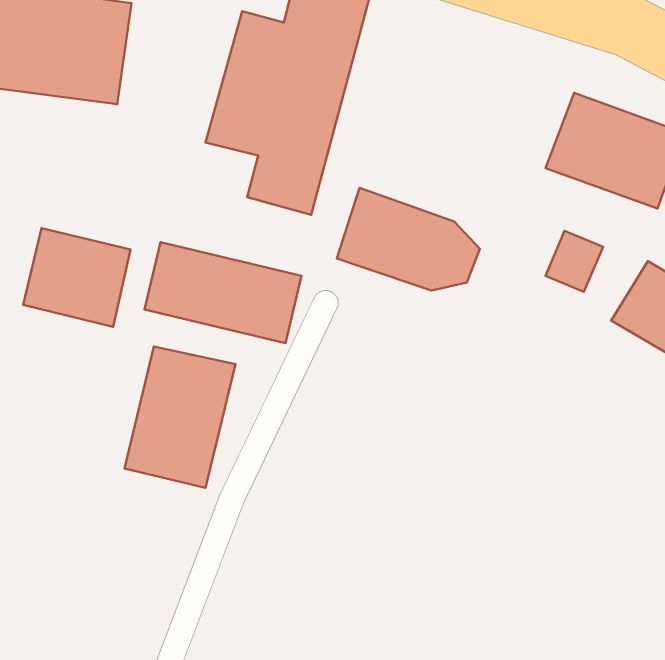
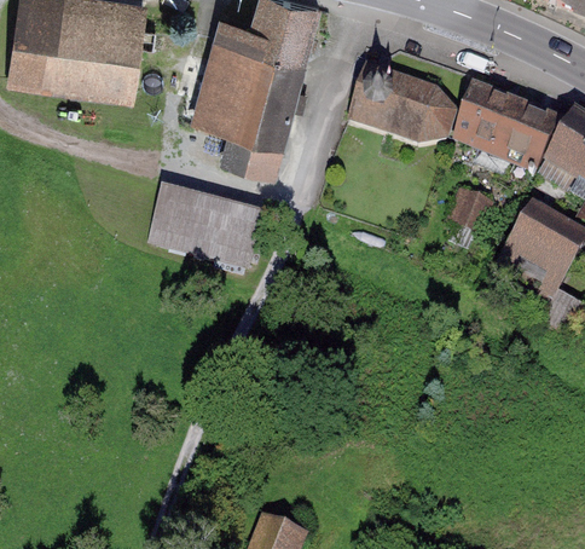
building: [337,188,480,290] -> [348,64,456,141]
building: [23,228,130,327] -> none
building: [125,346,236,488] -> none

